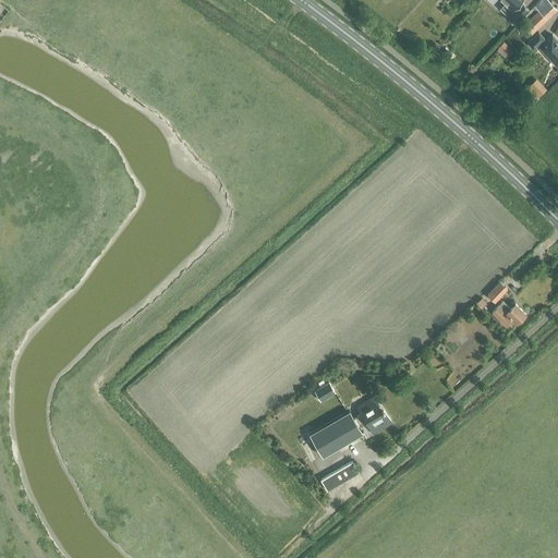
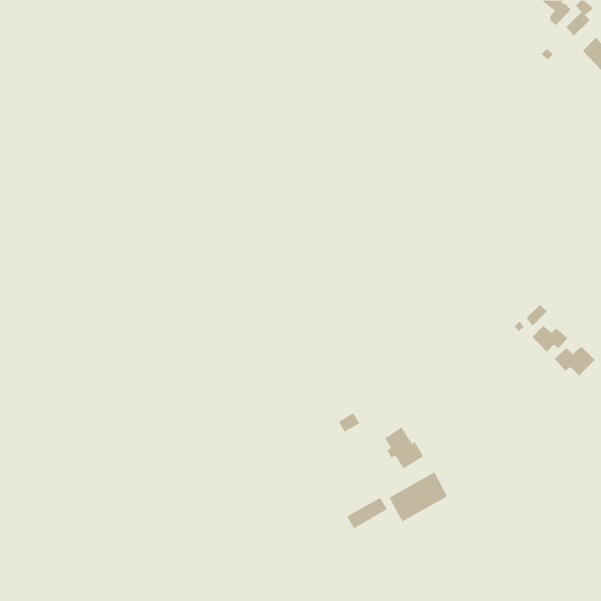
building: none -> [554,346,596,376]
building: [311,410,365,457] -> [389,472,448,522]

